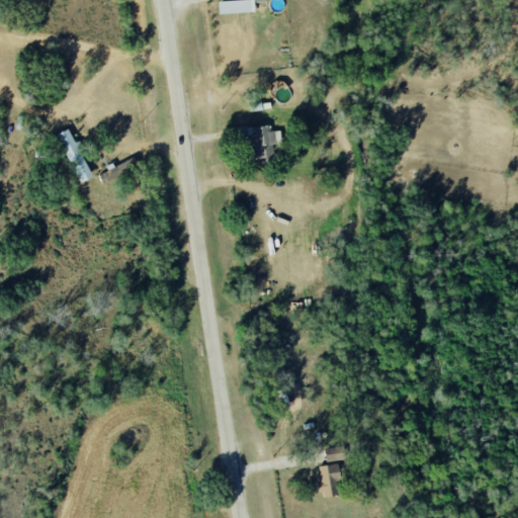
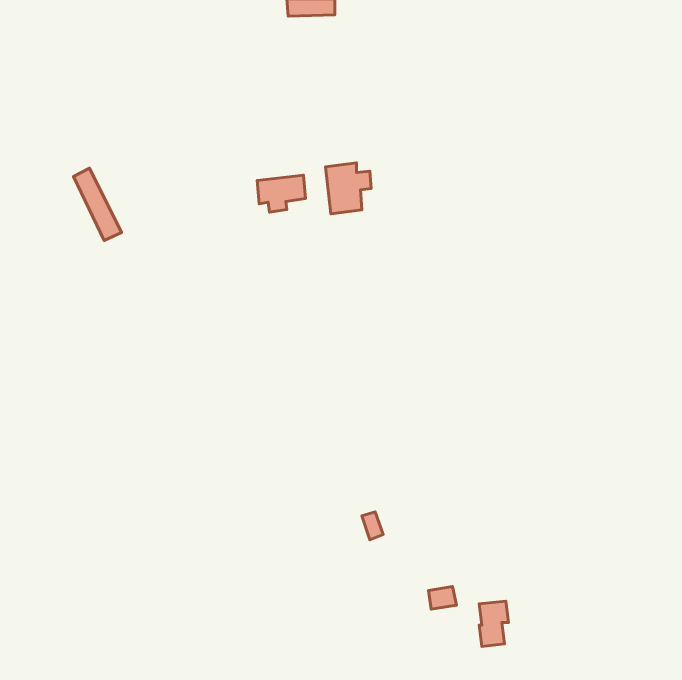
building: none -> [257,175,306,212]
building: [319,462,341,497] -> [479,601,509,647]

